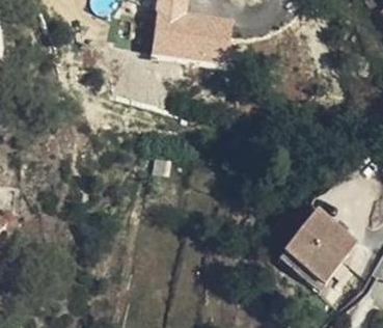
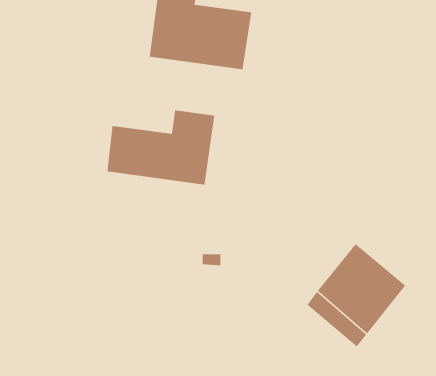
building: none -> [106,110,215,185]

